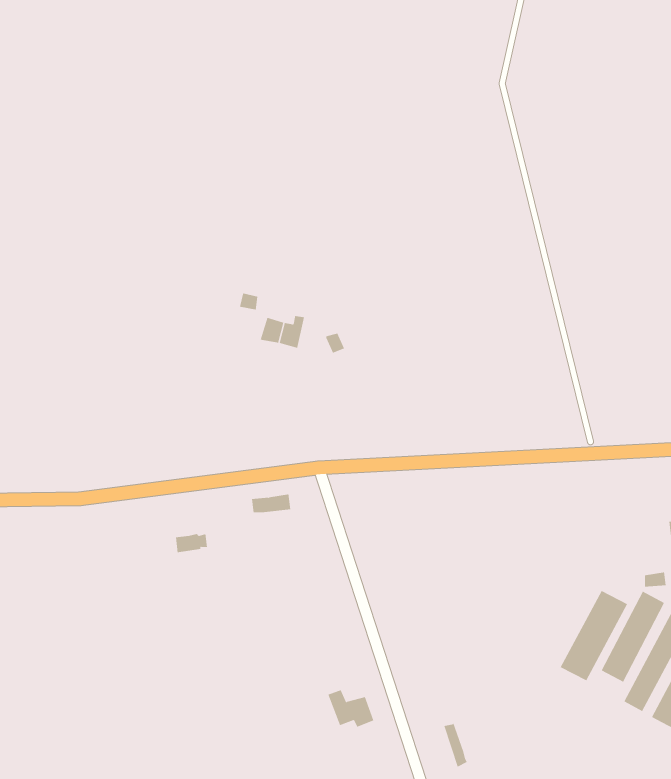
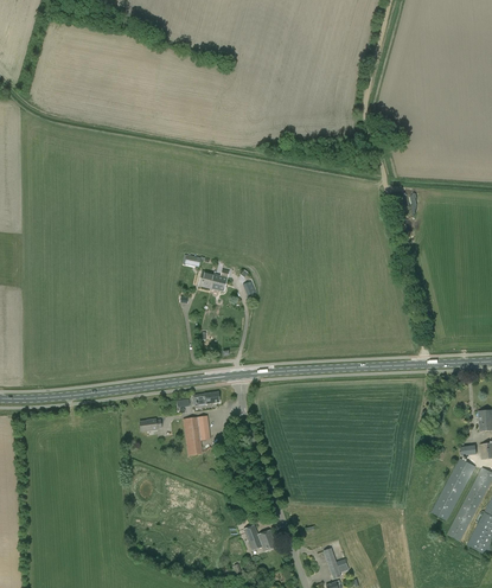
building: none -> [183,415,209,454]
building: [560,590,628,681] -> none

